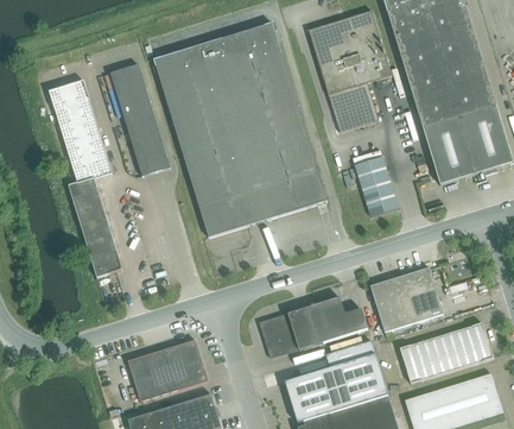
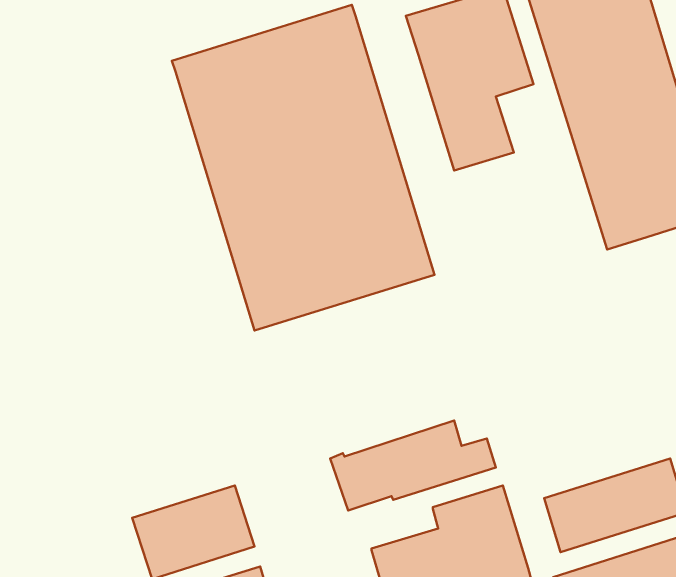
building: [109,64,170,176] -> none
building: [49,81,122,277] -> none
building: [354,157,398,216] -> none
building: [370,267,443,332] -> none

